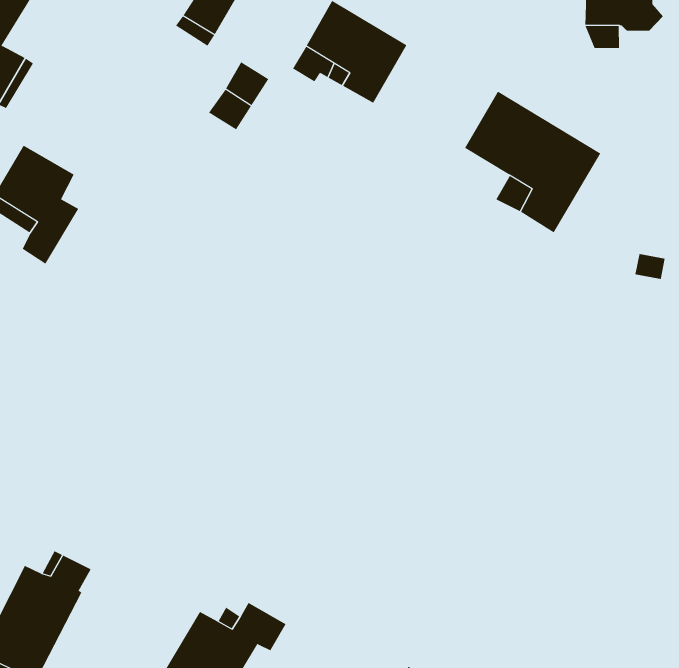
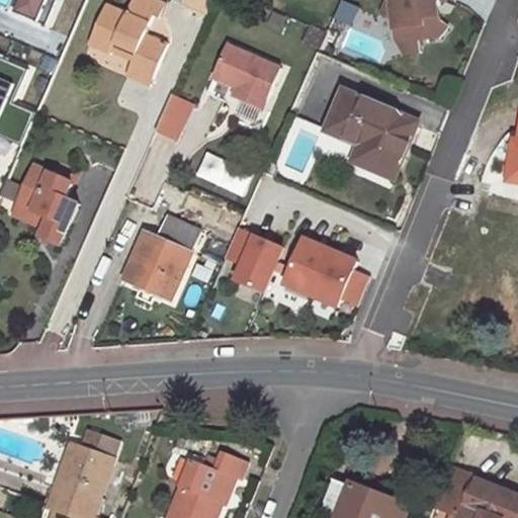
building: none -> [124,217,198,298]
building: none -> [225,228,282,291]
building: none -> [283,238,369,307]

